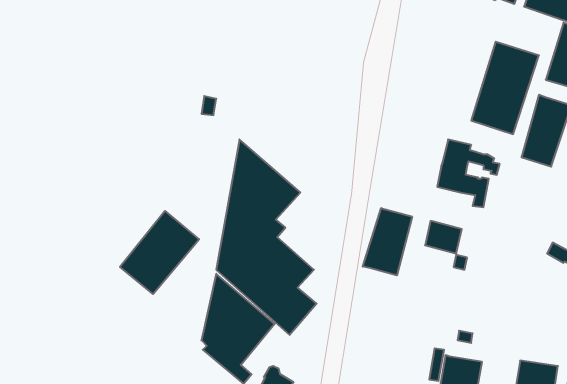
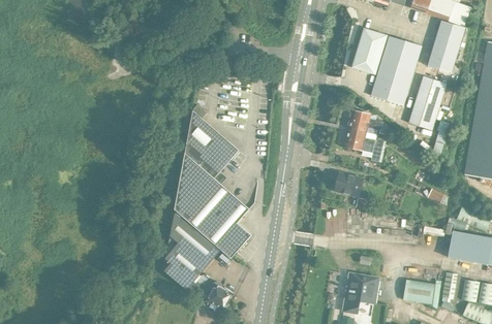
building: none -> [350,28,386,74]
building: [363,208,412,275] -> none
building: [120,211,199,294] -> none

